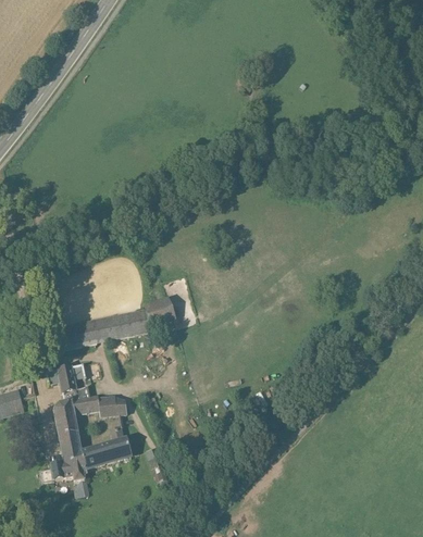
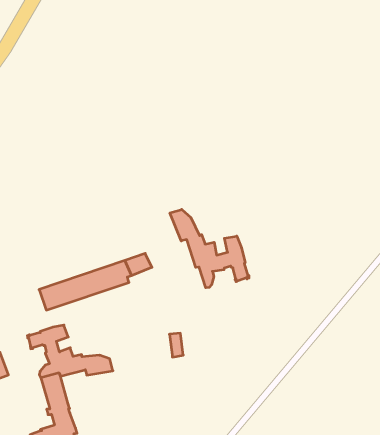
building: none -> [170,209,249,288]
building: [82,426,132,467] -> none

